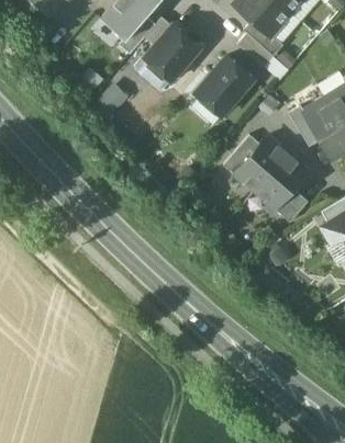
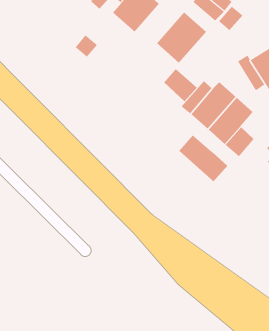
building: none -> [164,68,198,102]
building: none -> [178,134,228,182]

